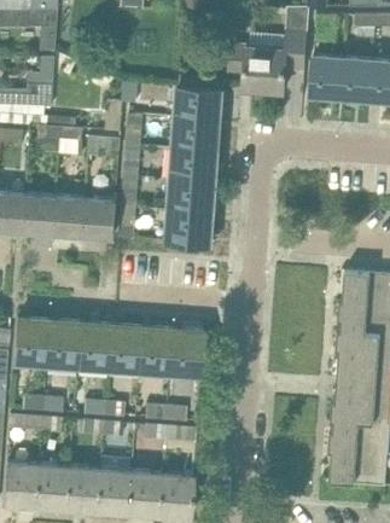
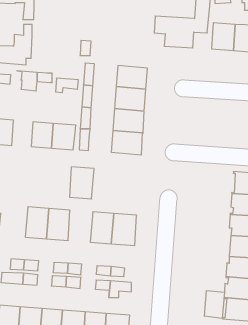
building: [176,86,221,121] -> none
building: [24,196,54,233] -> none
building: [13,319,47,364] -> none
building: [105,325,140,371] -> [70,167,94,199]
building: none -> [204,291,224,319]

